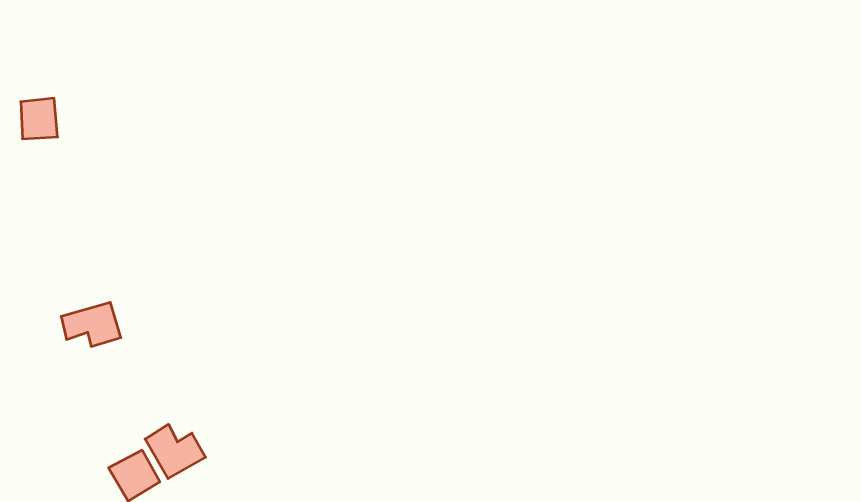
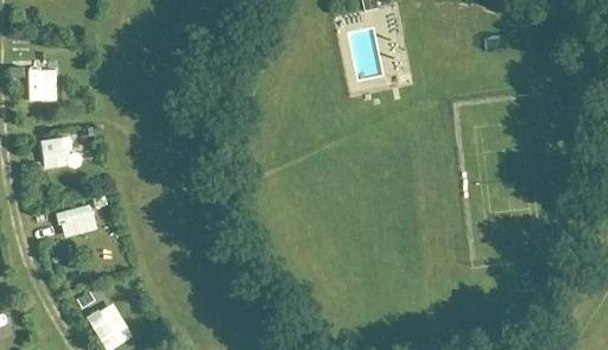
building: none -> [40,136,72,168]
building: [145,424,206,479] -> none

